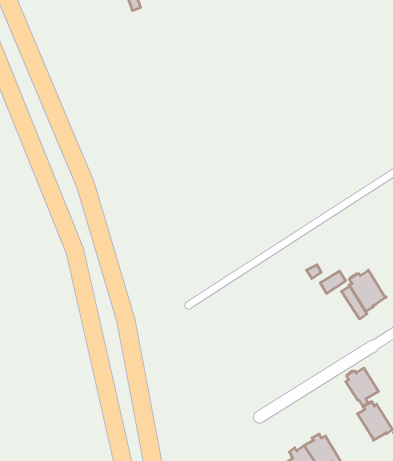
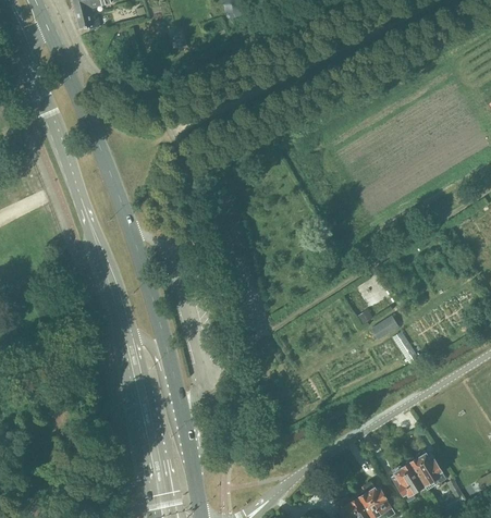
building: [349,270,386,311] -> none
building: [346,368,379,406] -> [392,462,426,502]

